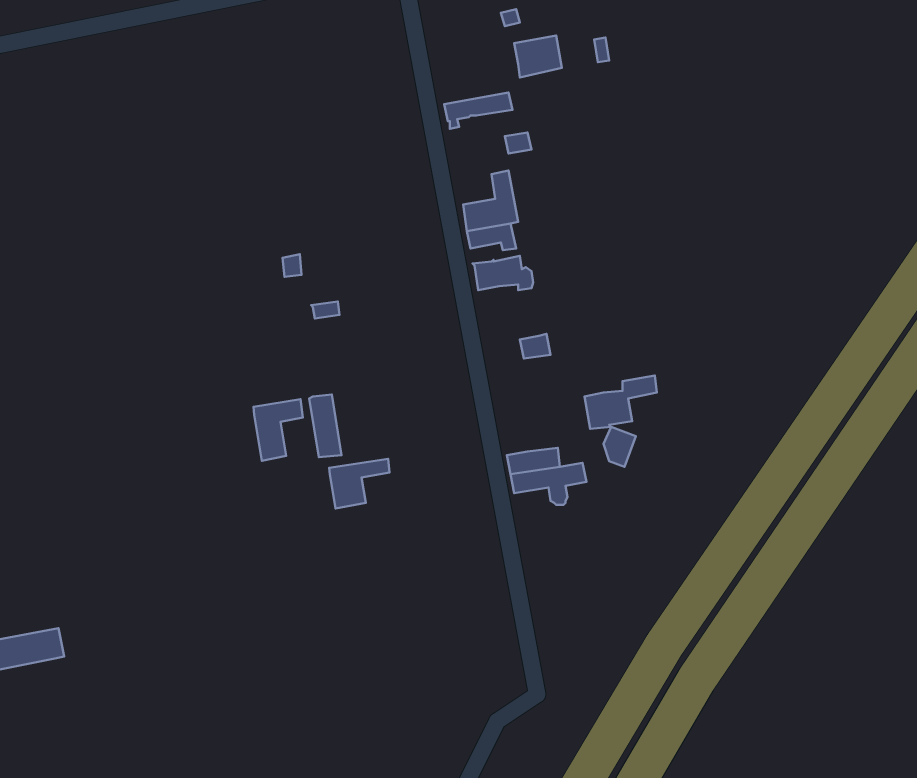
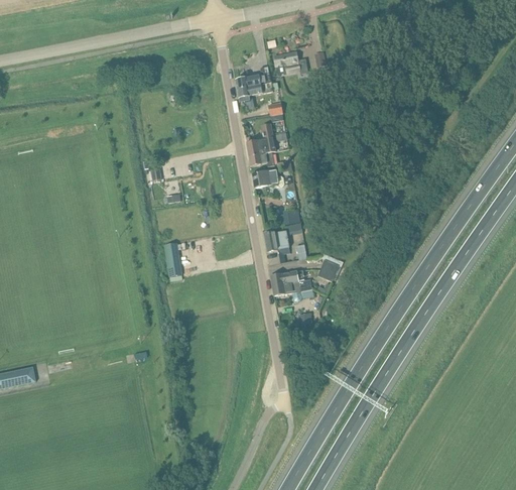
building: none -> [236,66,271,88]
building: [585,376,657,429] -> [264,222,302,250]
building: [253,399,303,461] -> none
building: [329,459,389,509] -> none

